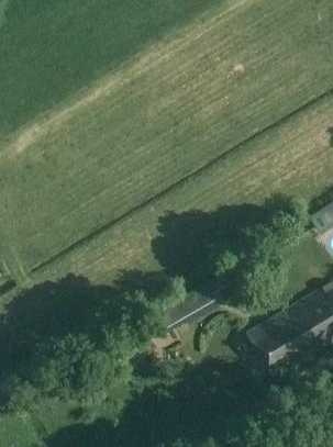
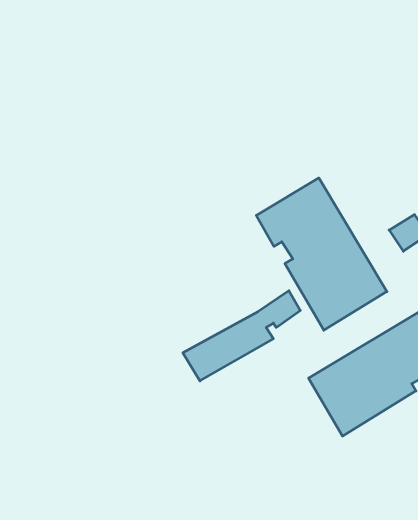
building: none -> [256,178,387,330]

